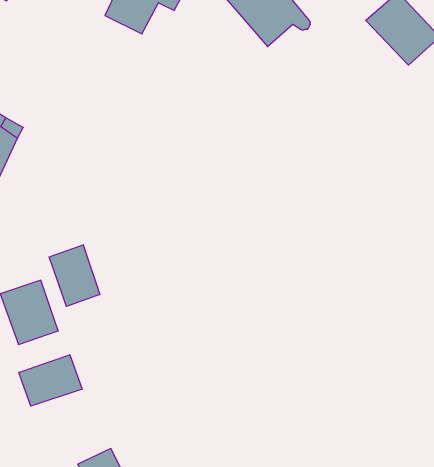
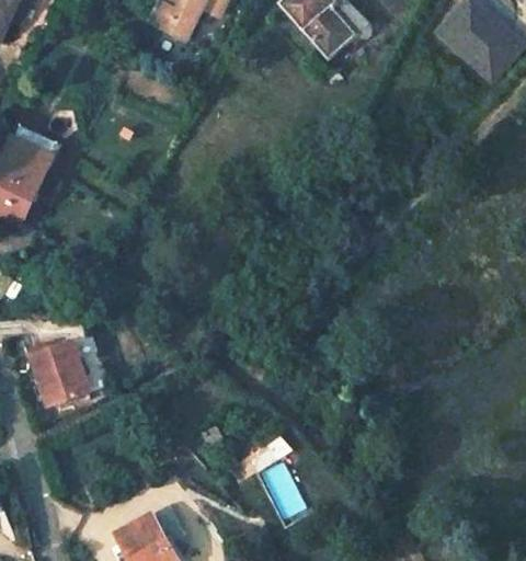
building: [49,245,100,306] -> none
building: [19,355,82,406] -> none

